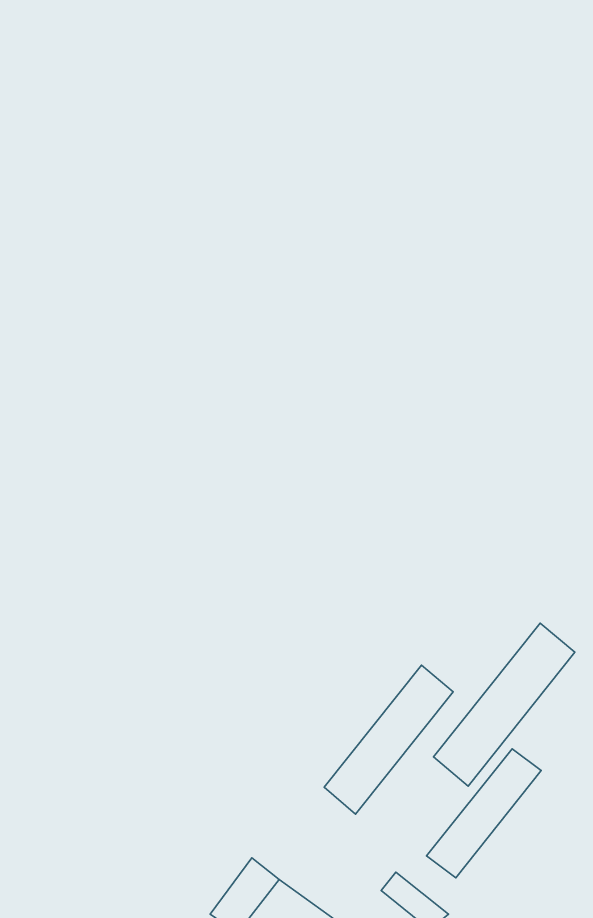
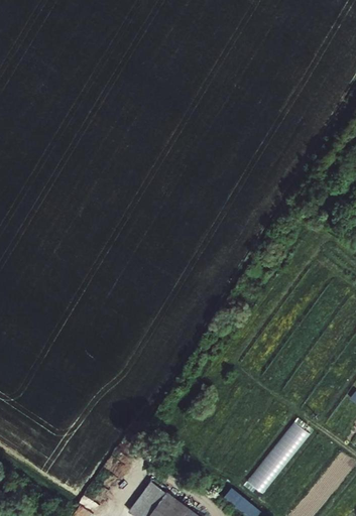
building: [434,623,575,786] -> none
building: [324,665,453,814] -> none

